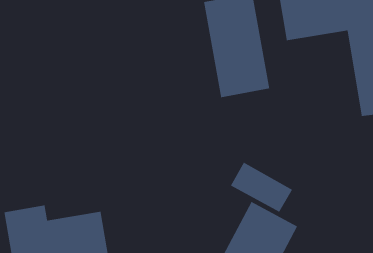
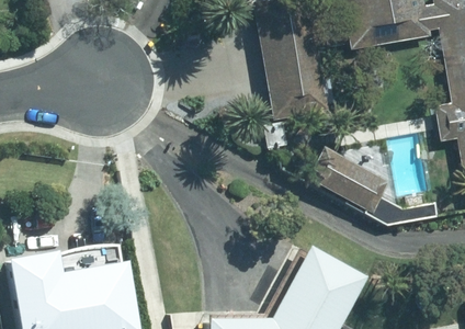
building: [230,162,293,213] -> [314,150,390,213]

